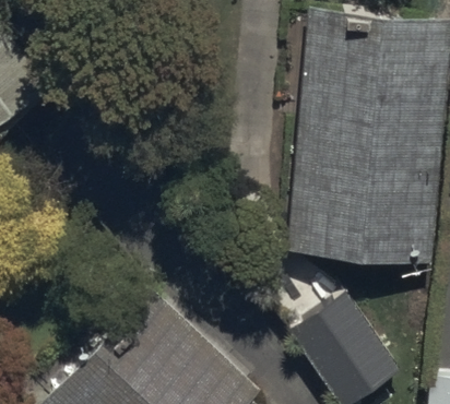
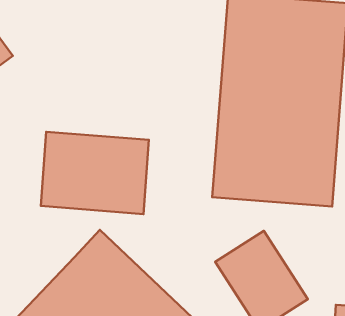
building: none -> [41,132,149,214]

